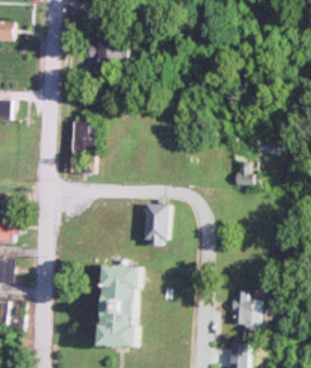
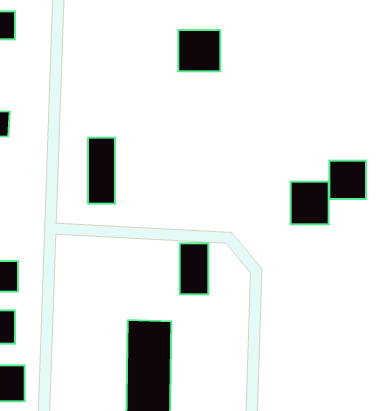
building: [90,30,124,63] -> [178,30,220,71]
building: none -> [329,160,366,199]
building: [232,298,260,323] -> none

